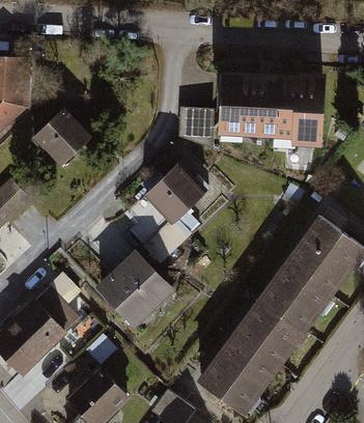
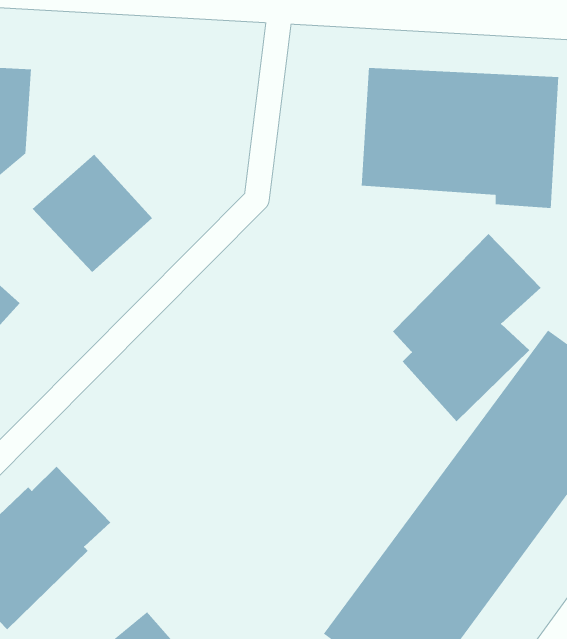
building: [178,108,213,148] -> none
building: [124,161,206,264] -> [392,233,542,422]
building: [94,248,175,329] -> none

